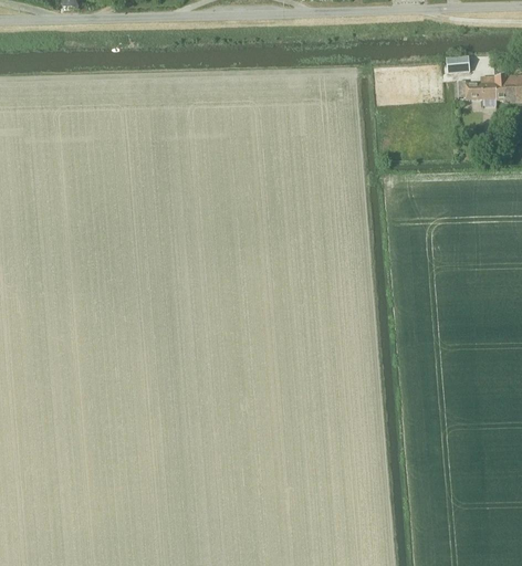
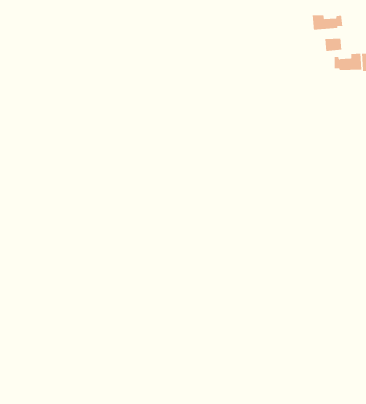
building: none -> [312,15,343,30]

